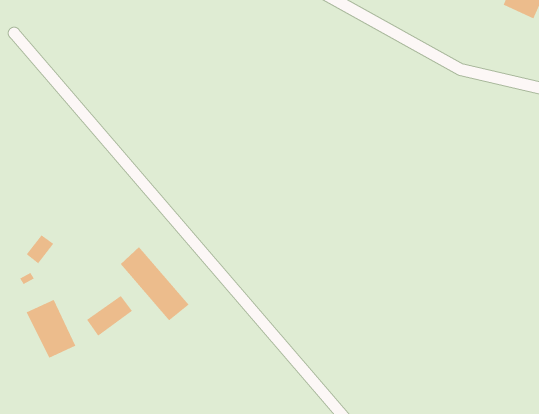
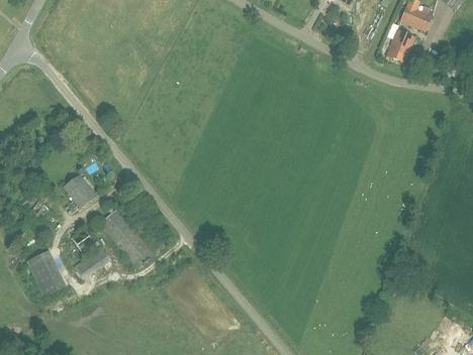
building: none -> [386,29,415,63]
building: none -> [64,173,96,210]

